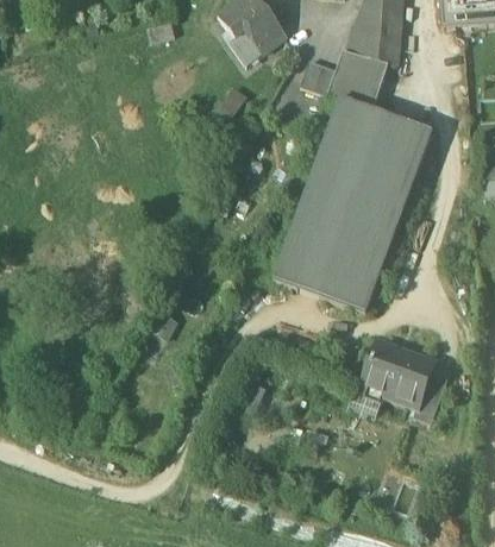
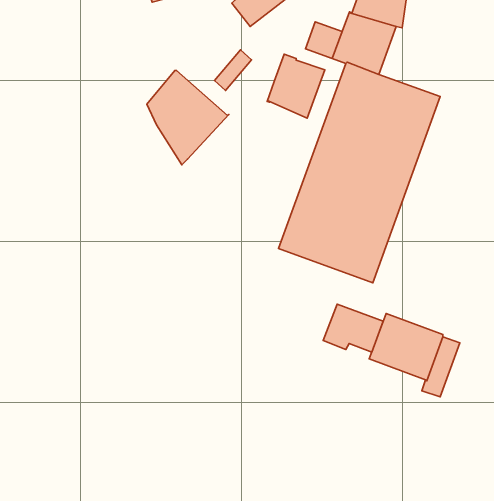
building: none -> [267,54,325,118]
building: none -> [147,70,229,165]
building: none -> [323,304,383,352]

